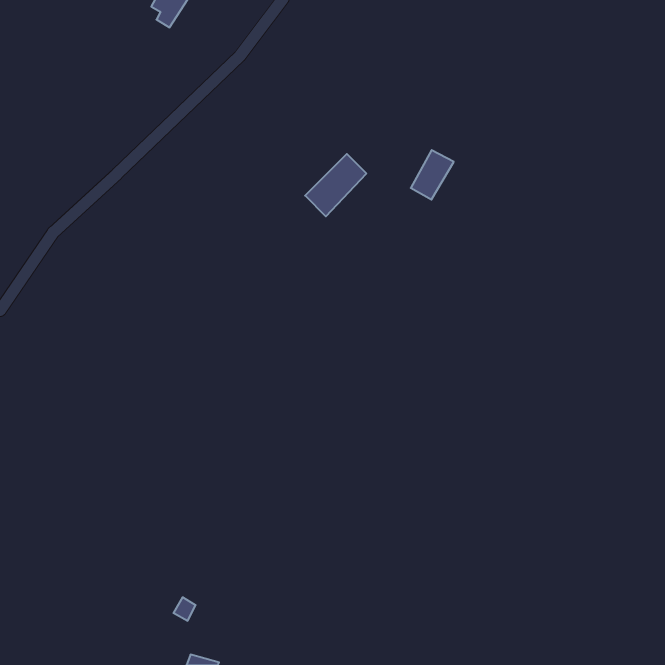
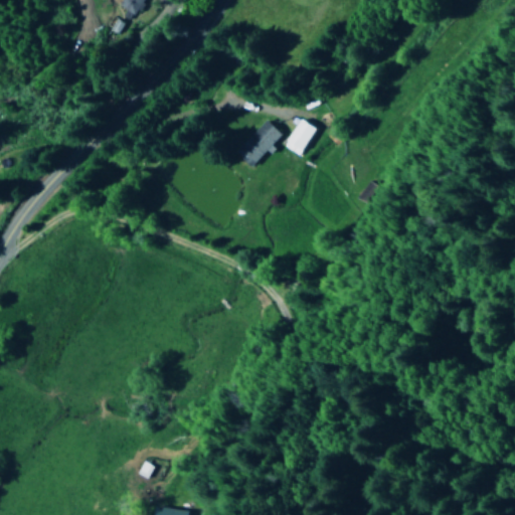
building: [411,150,454,200] -> [286,118,319,156]

